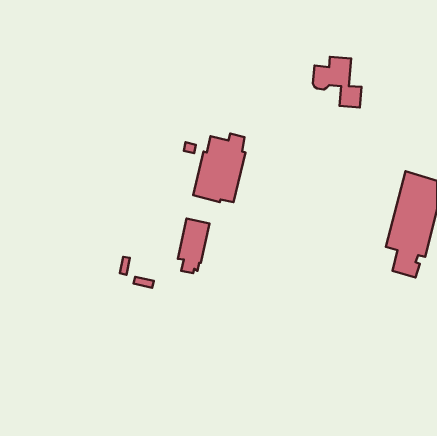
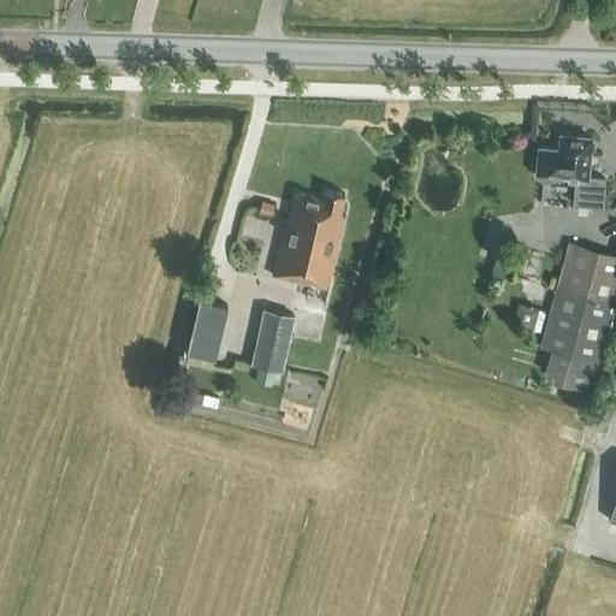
building: [313,57,362,107] -> [537,137,605,208]
building: none -> [186,301,227,369]

